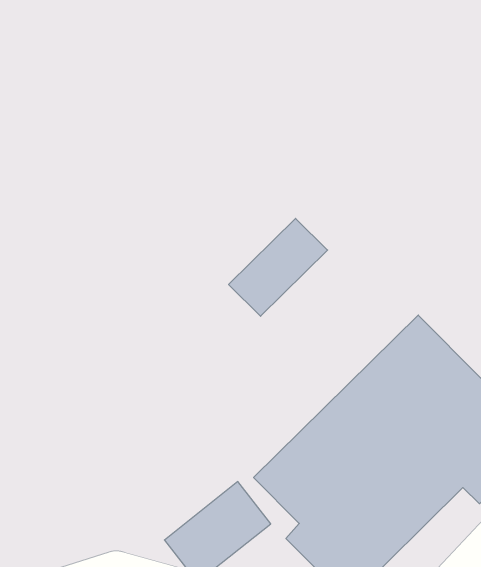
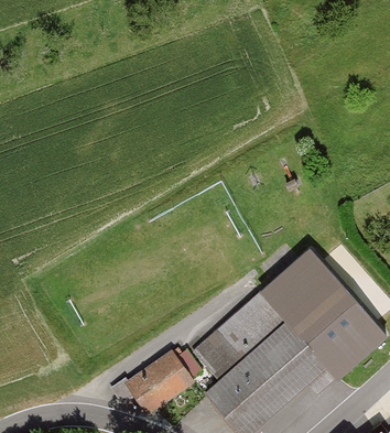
building: [229,218,328,316] -> none

